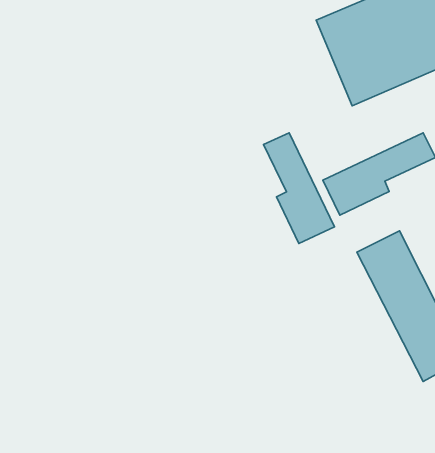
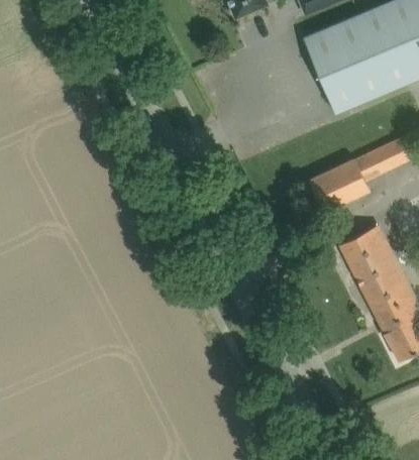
building: [264,133,334,244] -> none

